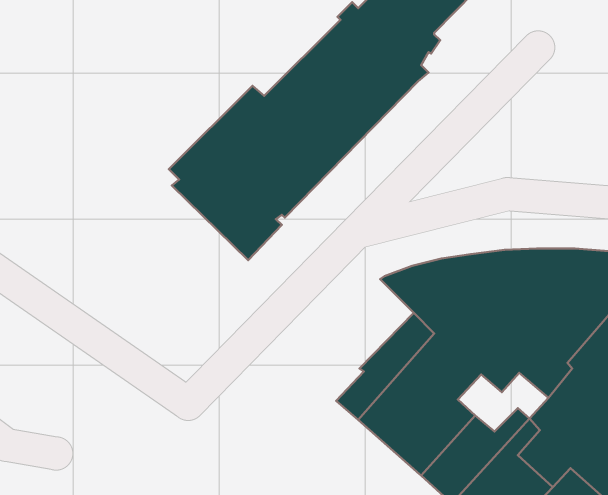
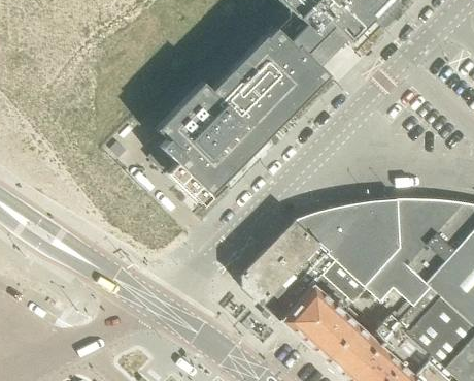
building: none -> [244,220,321,306]

